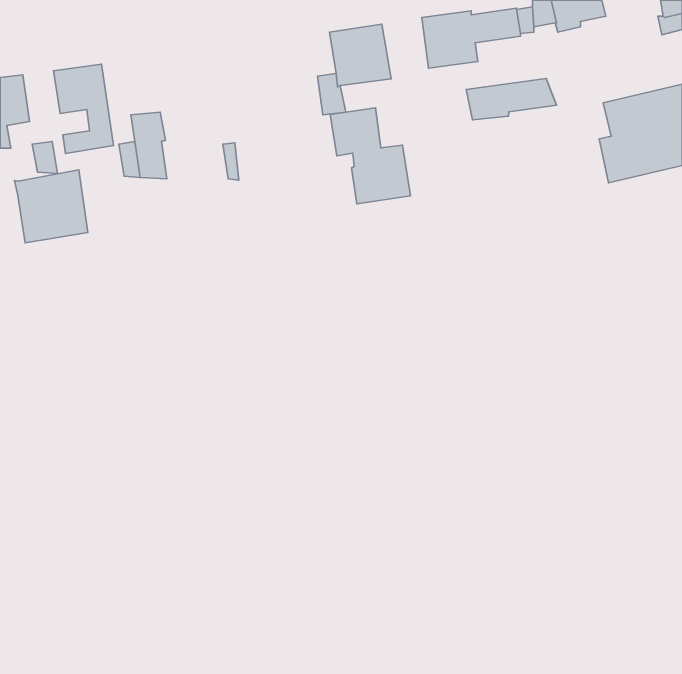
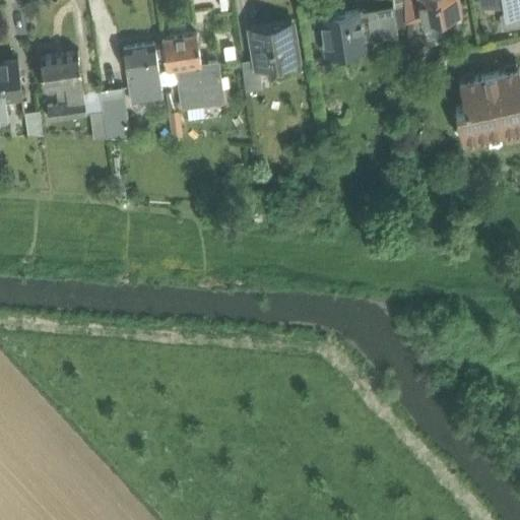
building: none -> [124,47,162,103]
building: [466,79,556,120] -> none
building: [330,108,410,204] -> [162,37,223,110]
building: [14,170,88,243] -> none

